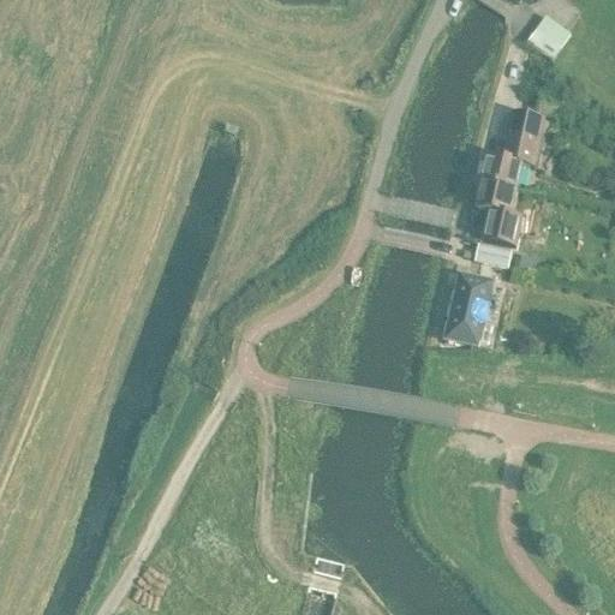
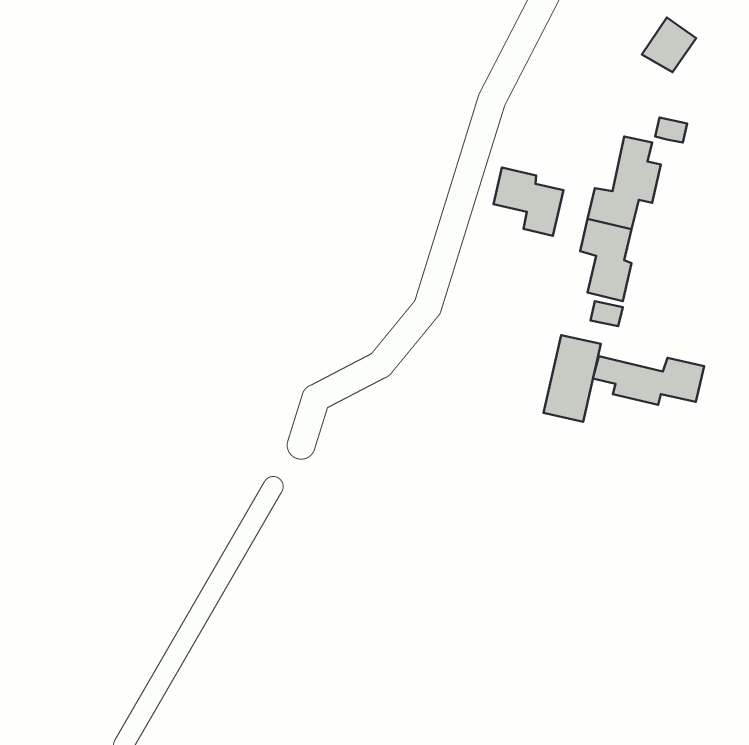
building: none -> [494,167,563,236]
building: none -> [593,356,704,405]

